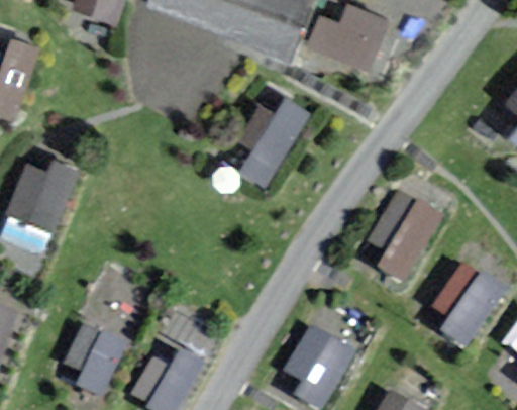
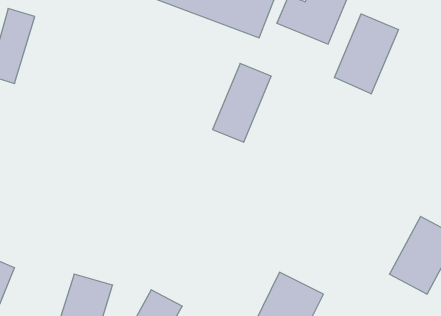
building: none -> [334,14,398,94]
building: [6,149,78,230] -> none
building: [366,188,446,283] -> none

